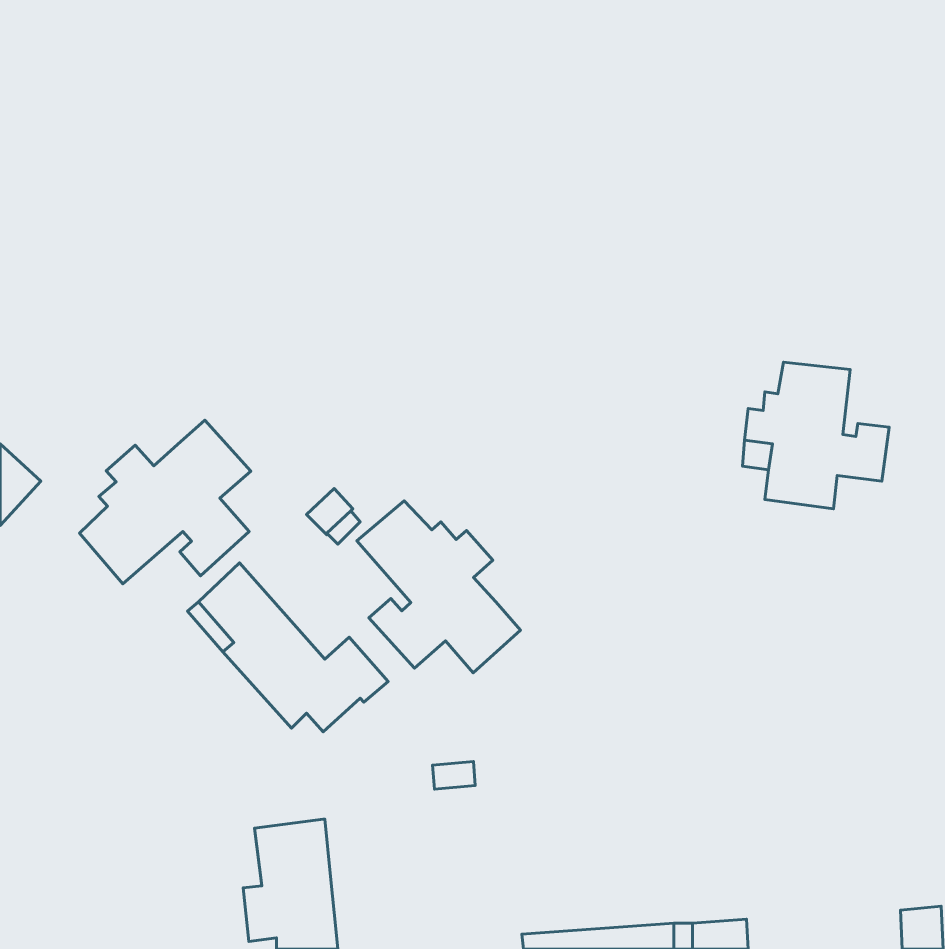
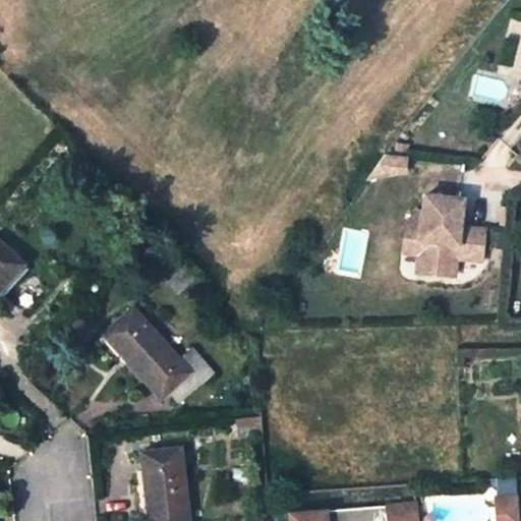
building: [80,420,251,584] -> none
building: [357,501,521,673] -> none

